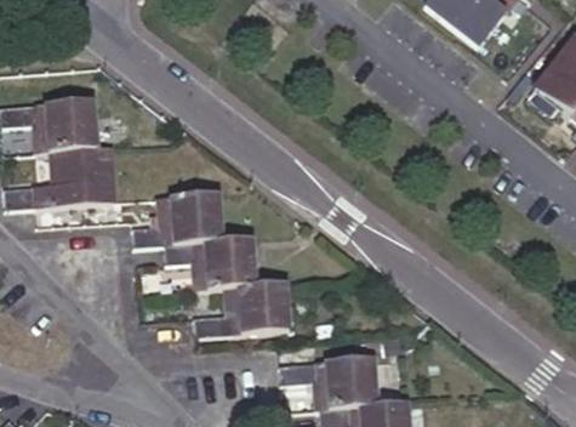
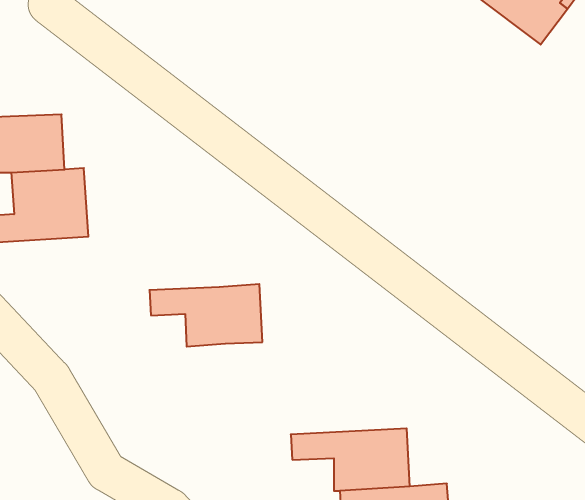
building: [133,195,221,247] -> none
building: [194,285,290,336] -> none

